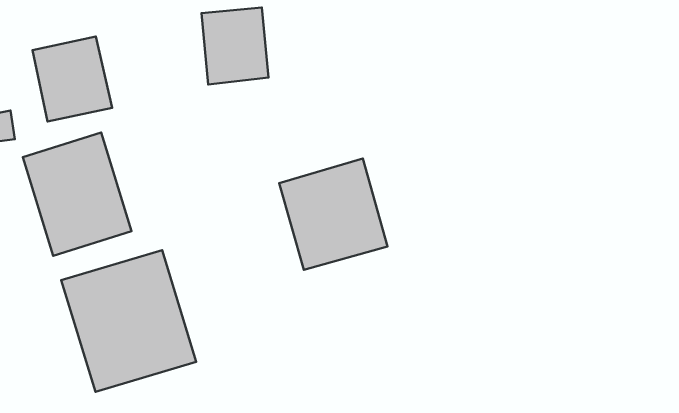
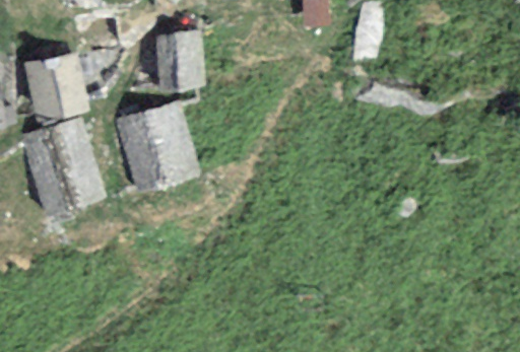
building: [279,159,388,270] -> [117,108,197,190]
building: [61,250,196,392] -> none

